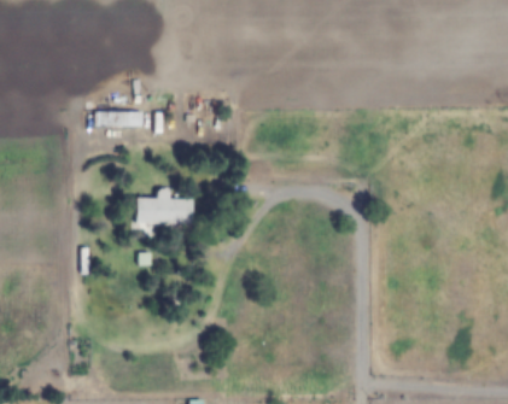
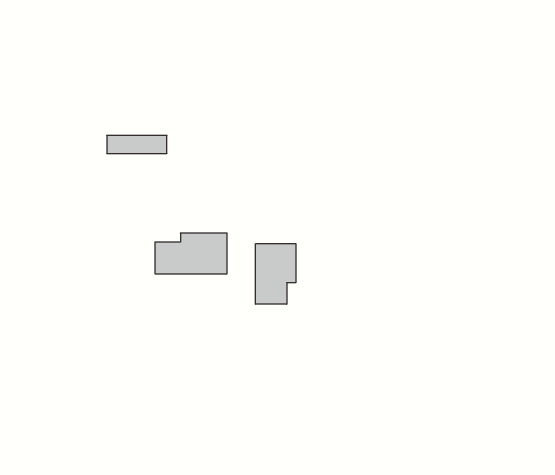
building: none -> [256,244,296,304]

